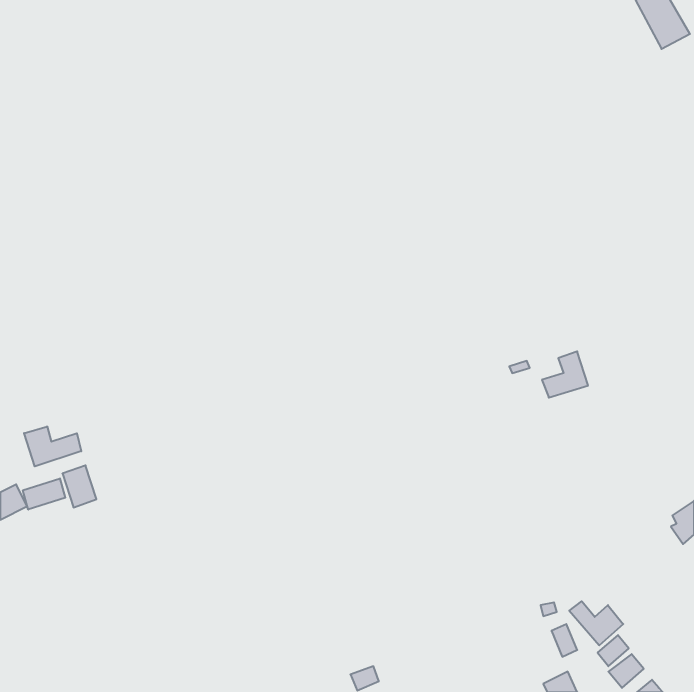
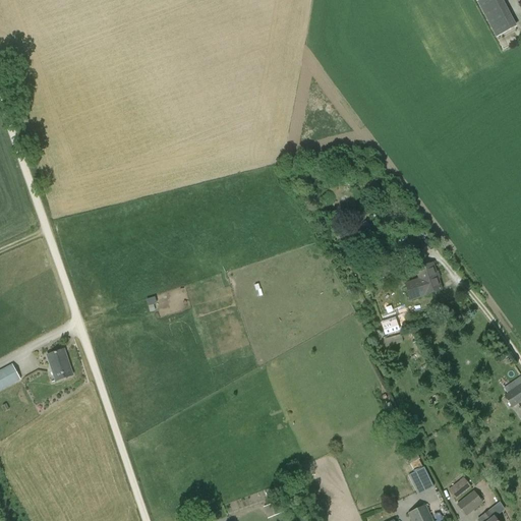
building: [24,426,81,466] -> none
building: [23,478,65,510] -> none
building: [569,601,623,645] -> none

